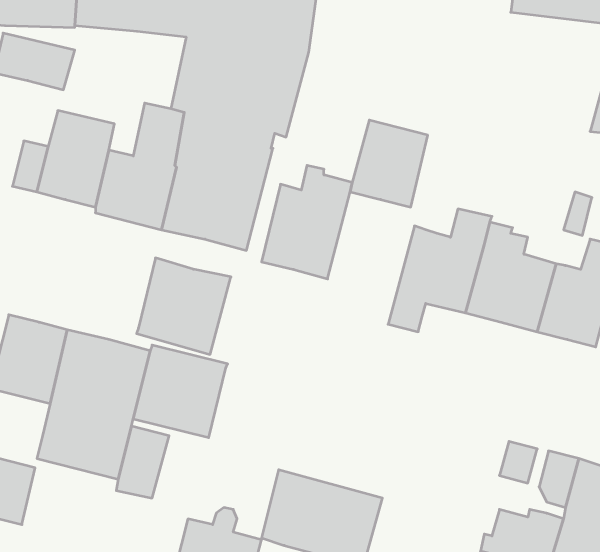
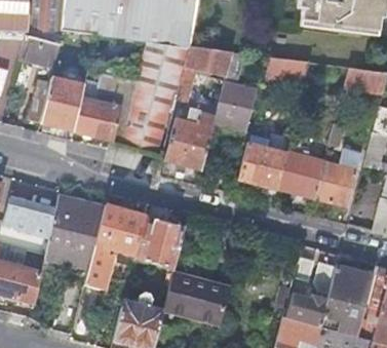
building: none -> [177,45,232,100]
building: none -> [265,55,310,85]
building: [137,258,231,354] -> [136,217,187,269]

